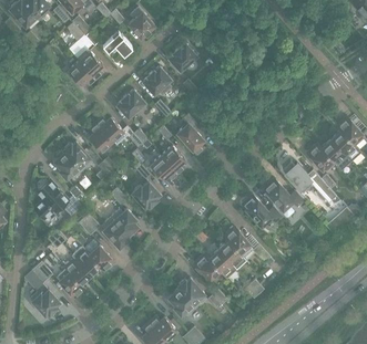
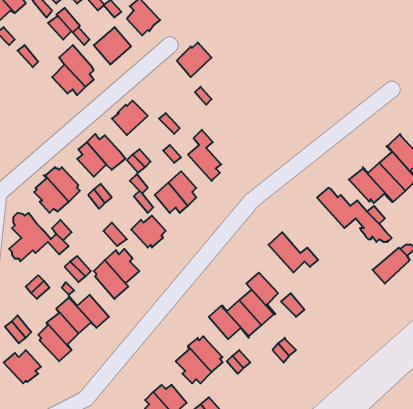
building: [142,66,170,95] -> none
building: [262,178,303,218] -> none

